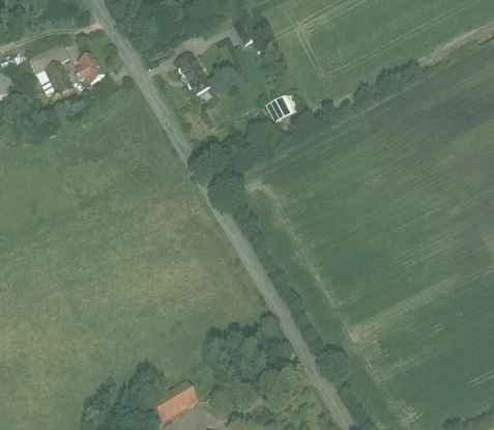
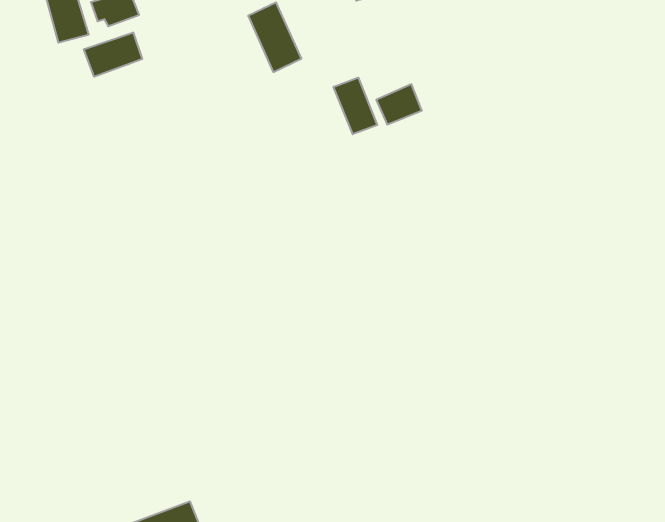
building: none -> [84,32,142,77]
building: none -> [334,78,377,134]

